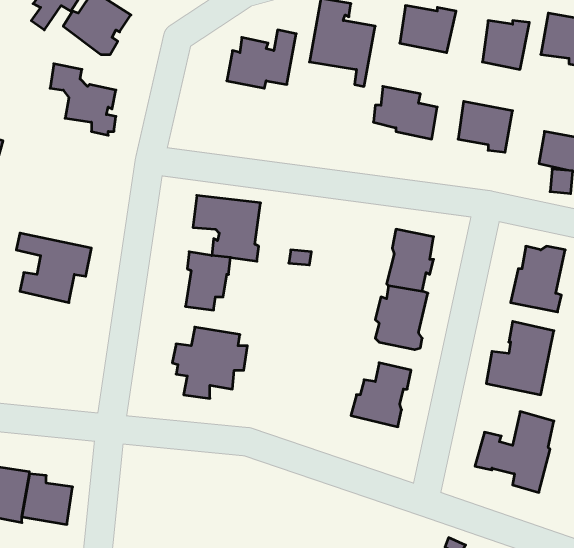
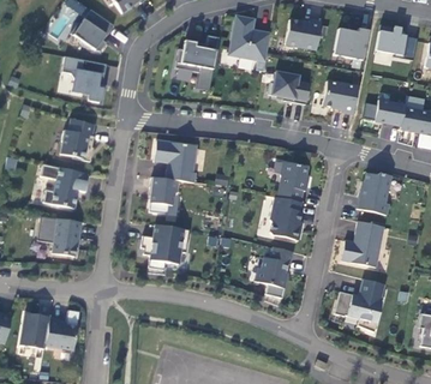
building: none -> [60,120,95,162]
building: none -> [52,218,82,257]

